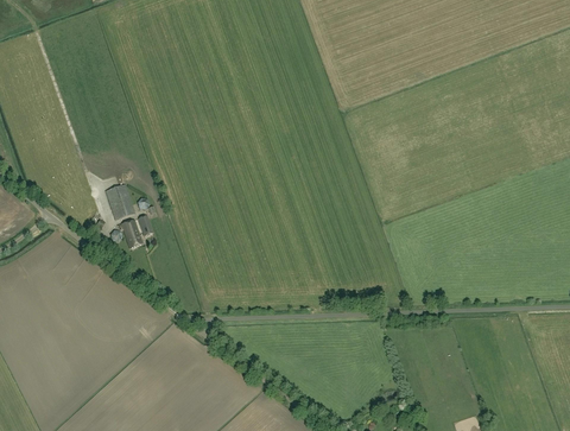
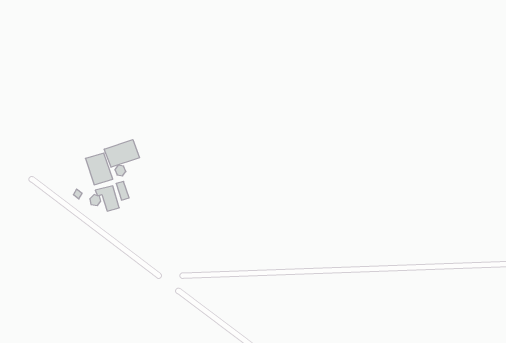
building: none -> [104,140,140,167]

